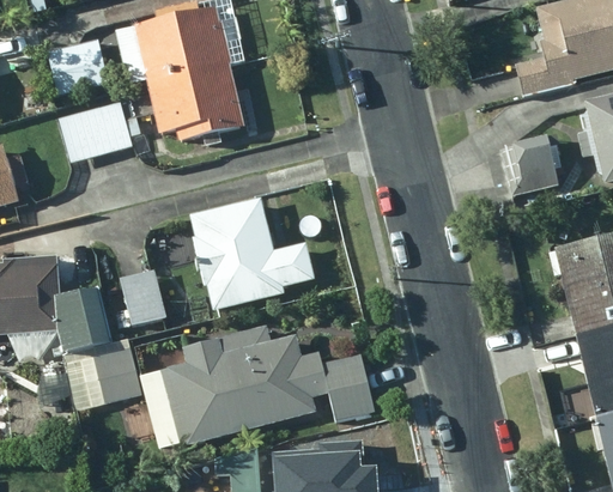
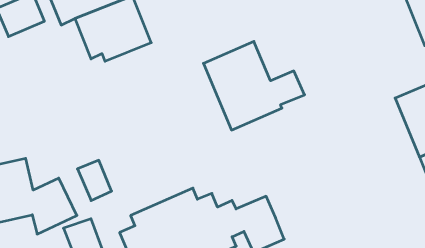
building: [59,101,136,162] -> none
building: [503,139,559,194] -> none
building: [186,198,312,310] -> [203,41,305,130]

